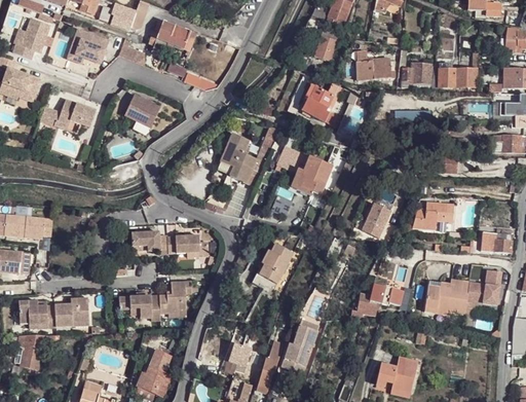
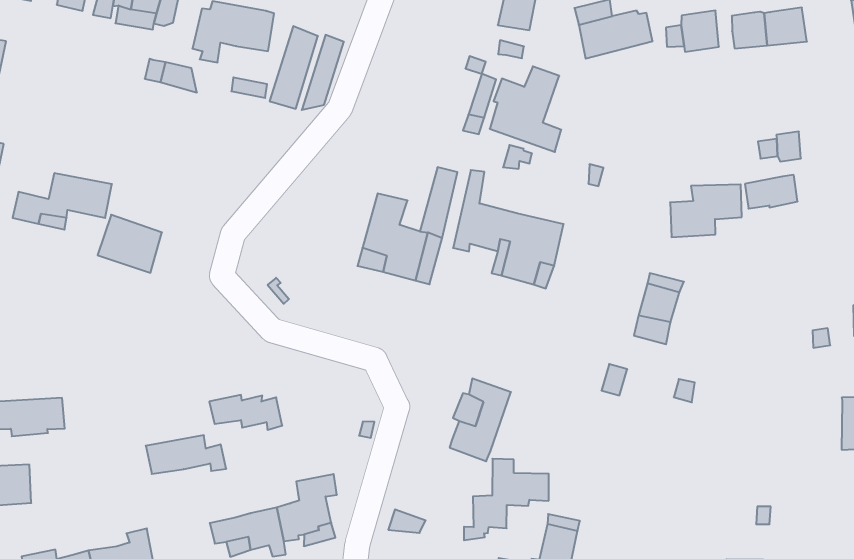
building: [68,29,110,64] -> none
building: [125,94,161,127] -> [98,215,162,273]
building: [414,199,455,227] -> [670,184,742,237]
building: [167,234,209,254] -> [146,435,226,474]
building: [350,275,401,316] -> [464,459,549,540]
building: [423,279,468,313] -> none

